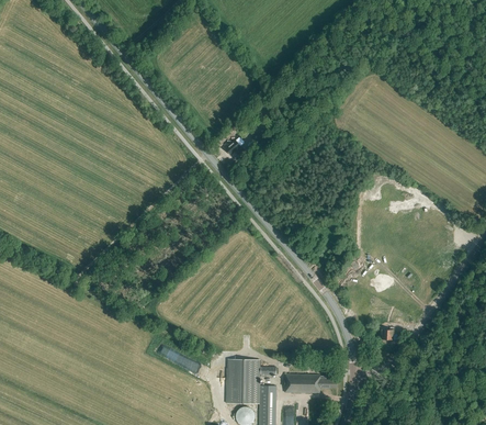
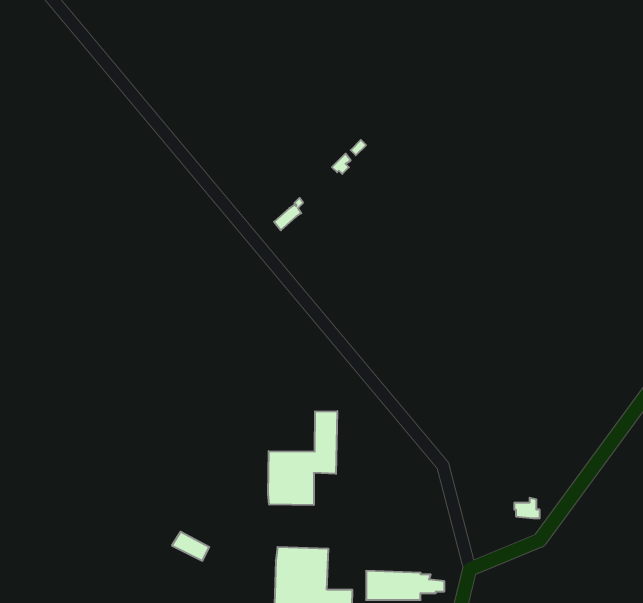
building: none -> [268,411,337,505]

